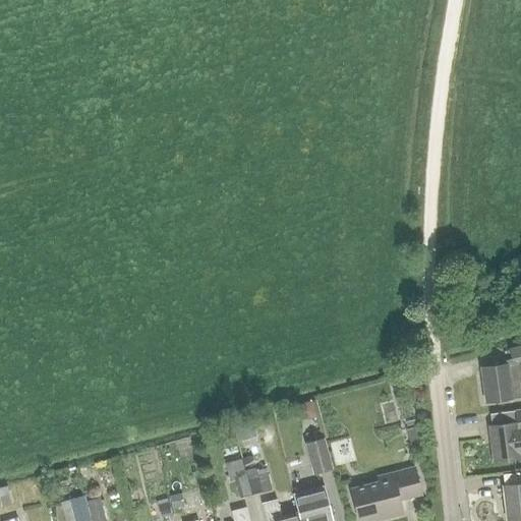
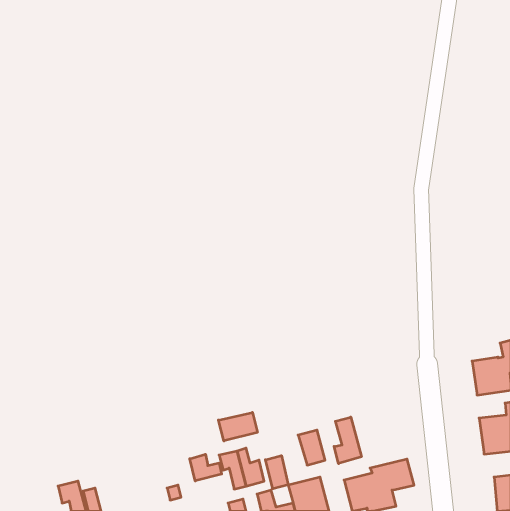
building: none -> [218,412,257,441]
building: none -> [334,417,361,464]
building: none -> [190,454,222,481]
building: none -> [265,456,288,489]

